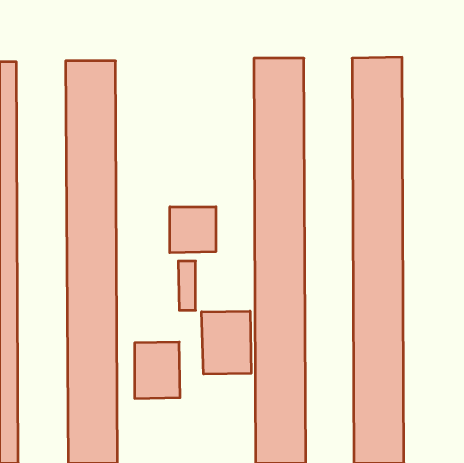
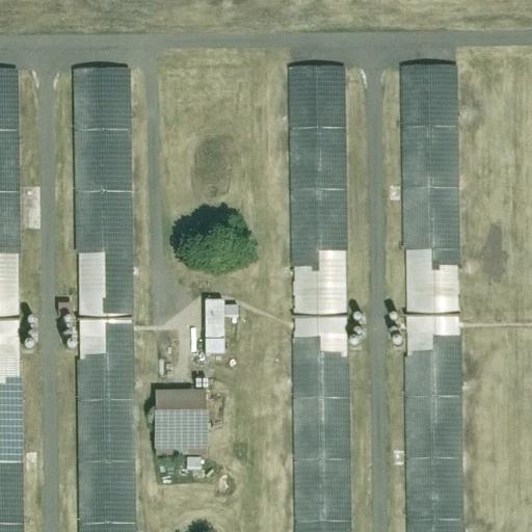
building: [170,207,216,253] -> none
building: [202,311,251,374] -> none

